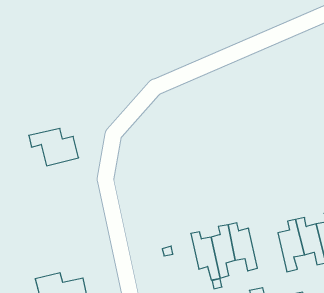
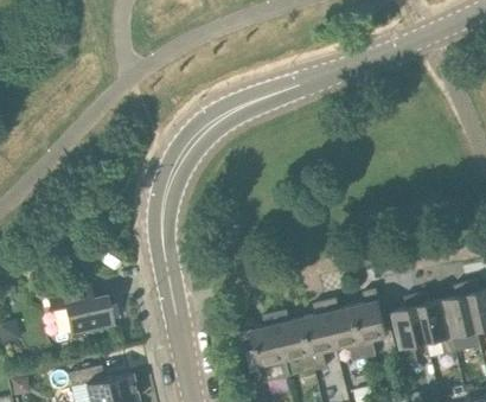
building: [29,128,79,166] -> [46,286,113,336]
building: none -> [351,291,385,360]
building: none -> [250,314,284,384]

